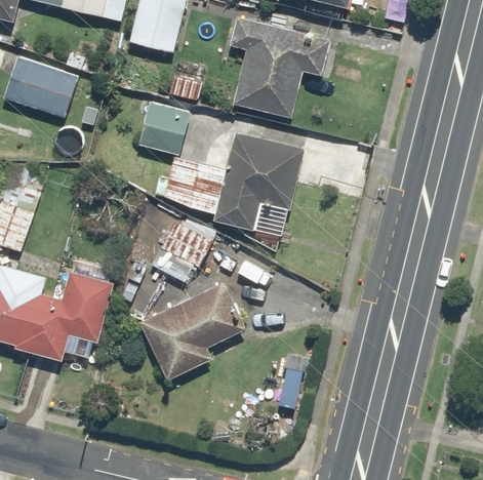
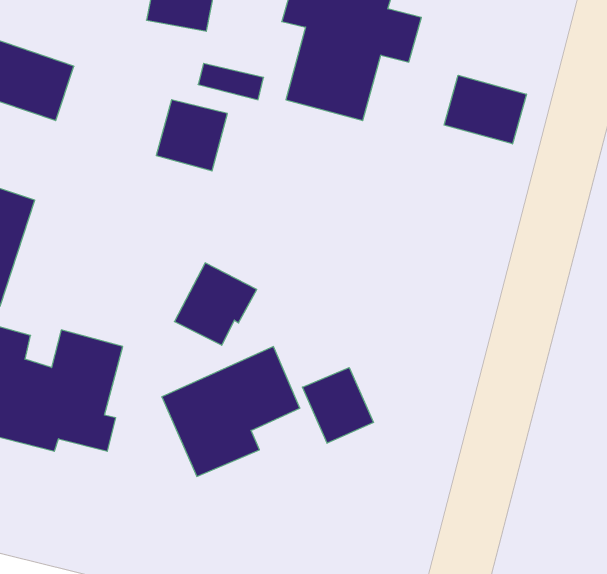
building: none -> [444,75,526,144]
building: [162,131,305,229] -> none
building: none -> [302,368,374,443]

